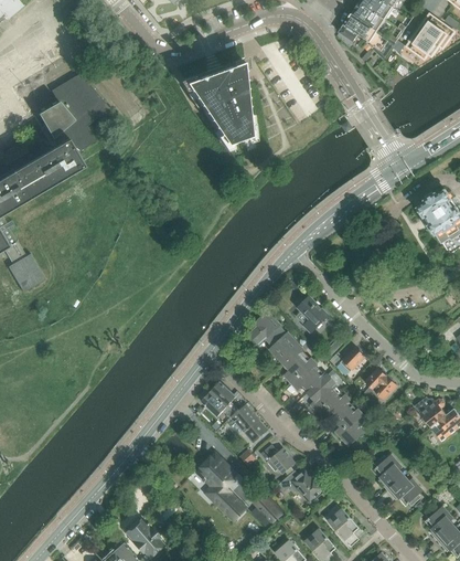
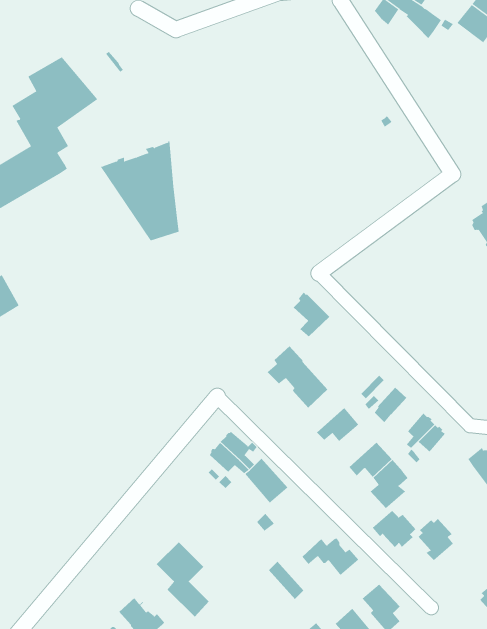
building: [186,62,253,145] -> [99,141,180,241]
building: [298,295,329,332] -> [293,292,330,337]
building: [284,348,313,383] -> none
building: [308,374,340,412] -> none
building: [261,444,296,474] -> none
building: [197,453,242,516] -> [156,541,209,618]
building: [387,475,424,506] -> [372,510,416,548]

